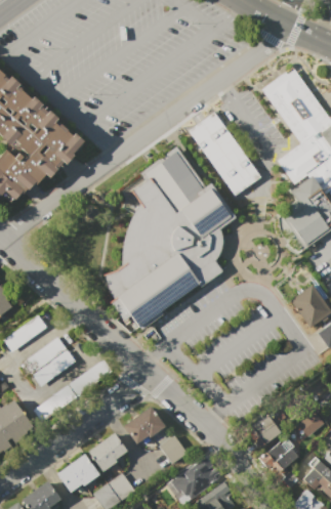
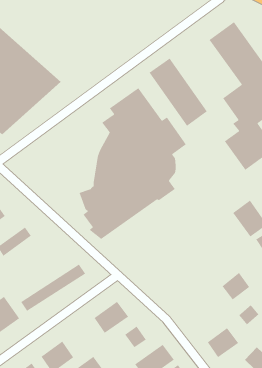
building: [25,338,75,385] -> none
building: [245,413,280,448] -> [221,272,250,301]
building: [87,431,129,471] -> none

